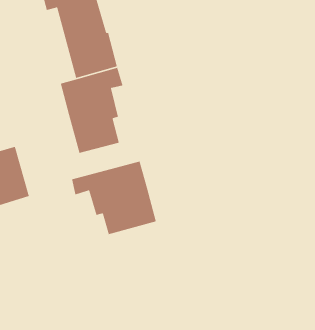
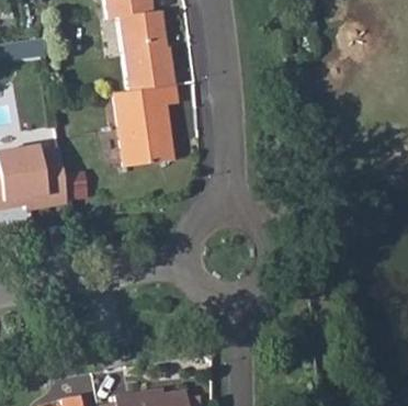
building: [71,161,157,235] -> none

